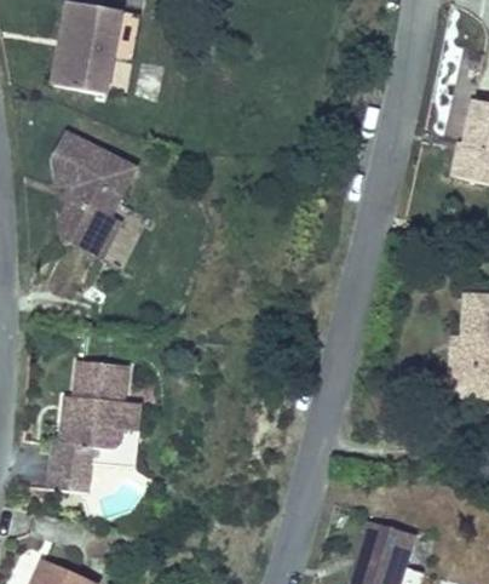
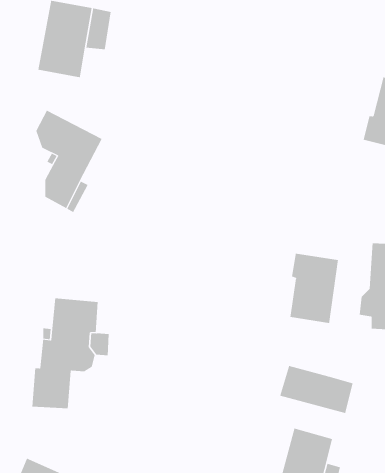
building: none -> [290,253,339,324]
building: none -> [280,365,353,414]

